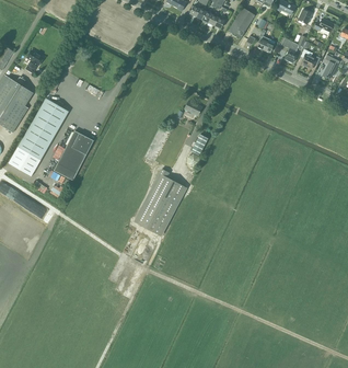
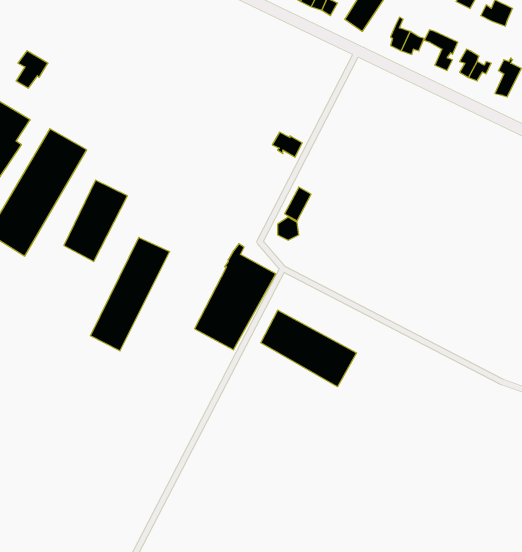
building: none -> [91,237,170,351]
building: none -> [261,310,356,387]

